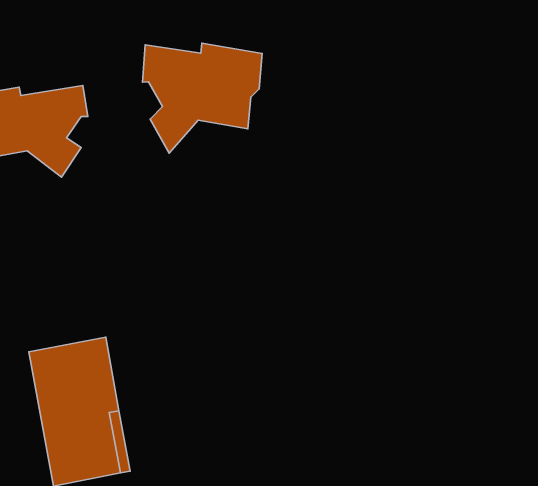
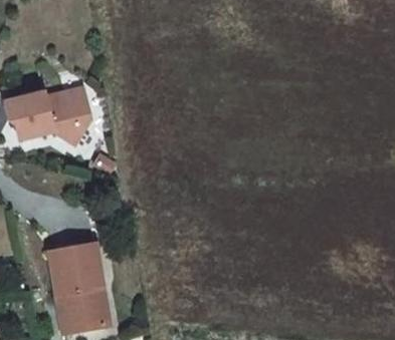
building: [143,43,262,153] -> none

